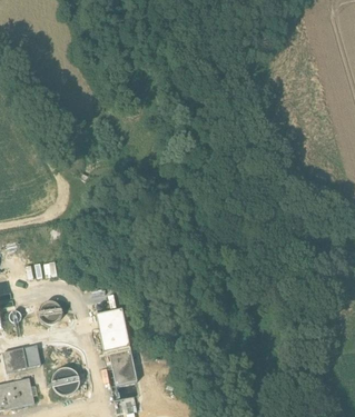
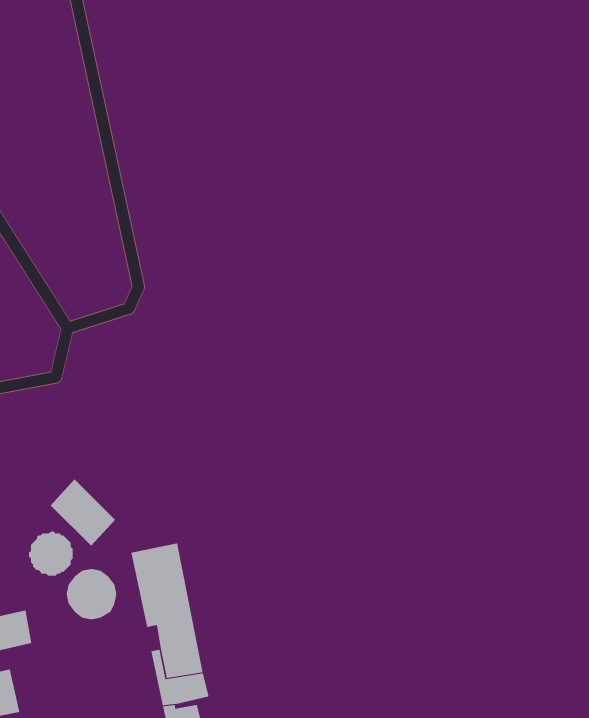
building: none -> [50,479,116,547]
building: [51,367,80,396] -> [66,569,117,620]

